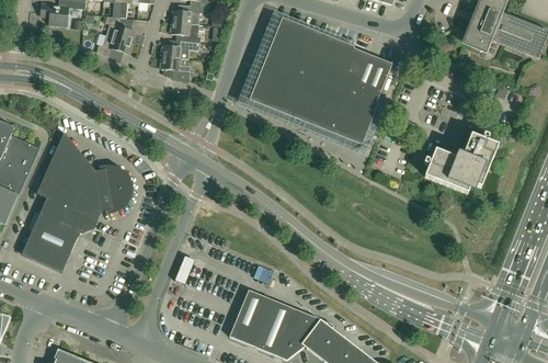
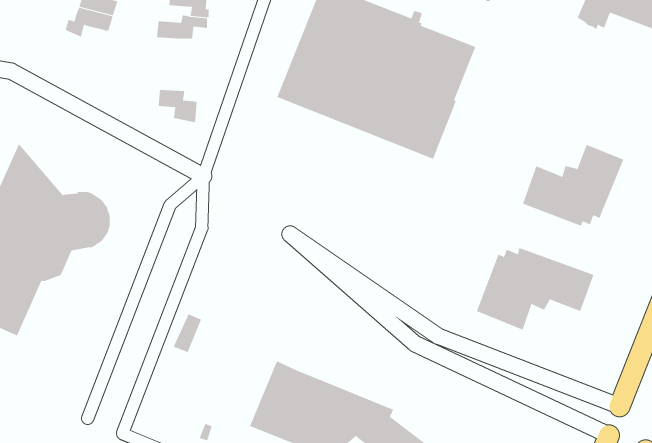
building: [161,56,190,80] -> [158,89,197,123]
building: none -> [476,247,594,330]

